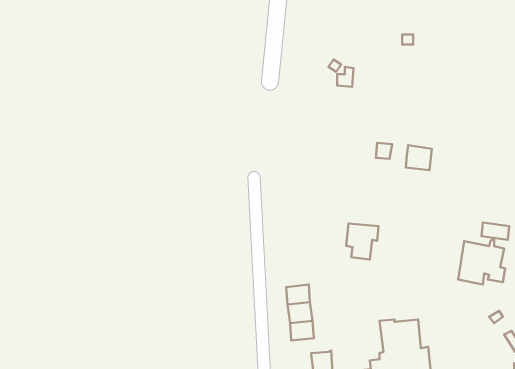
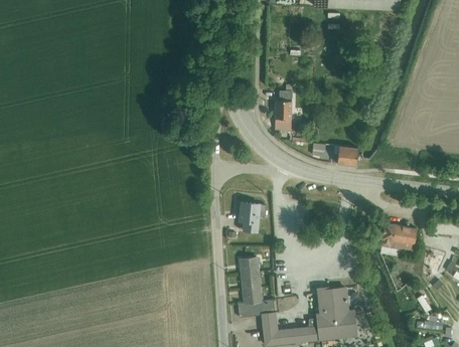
building: none -> [274,102,291,132]
building: [346,224,378,260] -> [239,203,265,232]
building: none -> [237,300,274,318]

